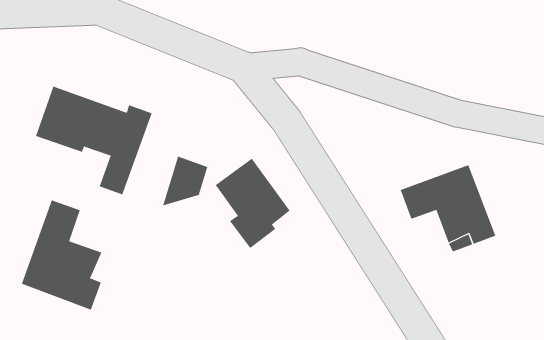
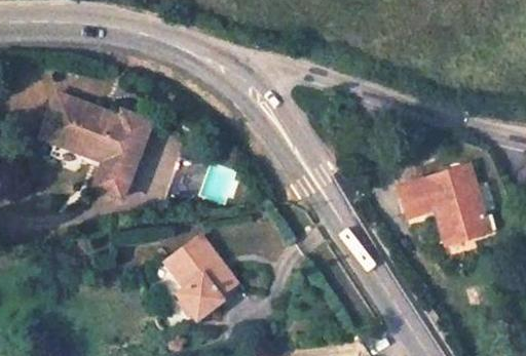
building: [215,158,290,249] -> [168,234,239,319]
building: [21,199,102,310] -> none

